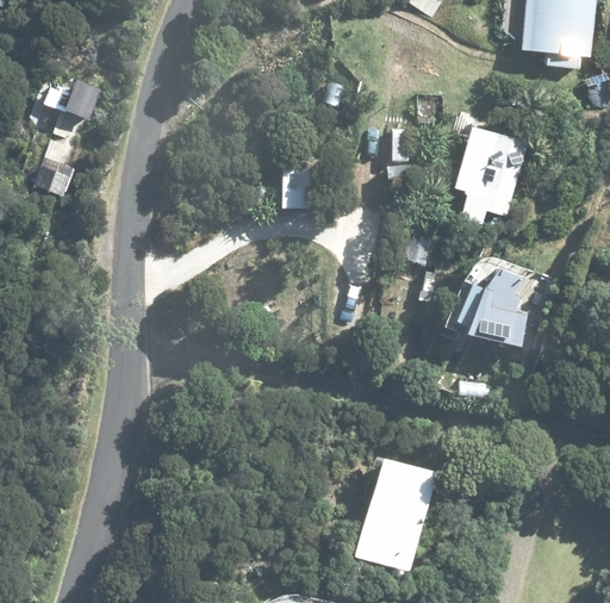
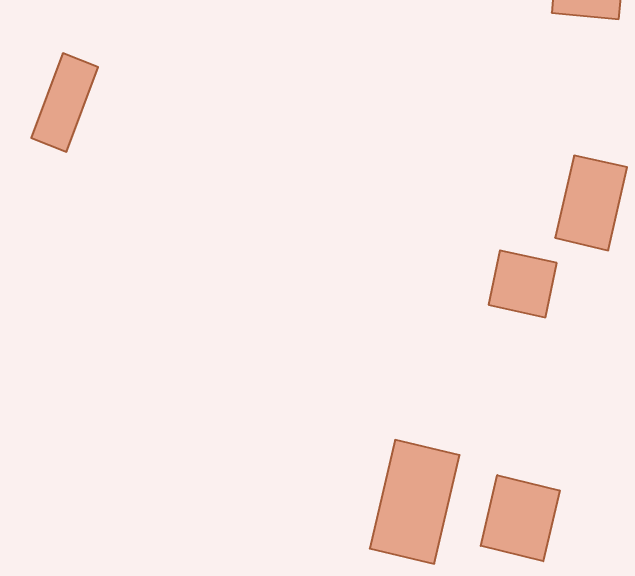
building: [455,131,523,220] -> [555,156,627,250]
building: none -> [481,475,560,561]

